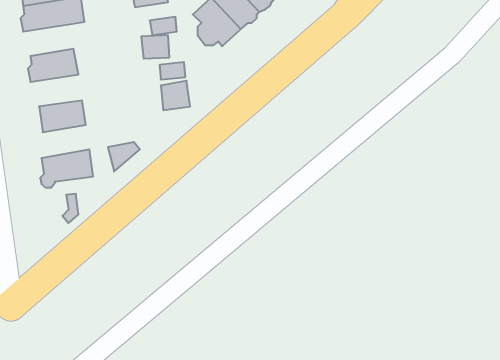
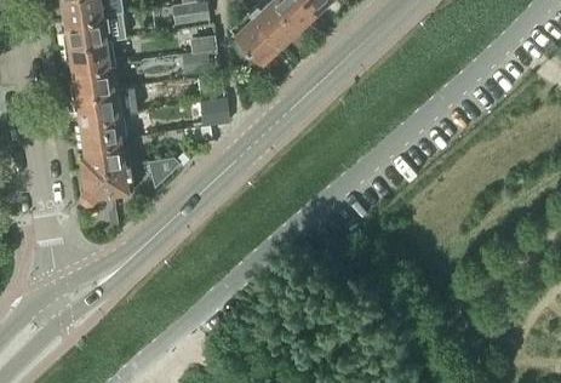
building: none -> [64,40,114,72]
building: none -> [71,87,137,121]
building: none -> [80,139,130,172]

